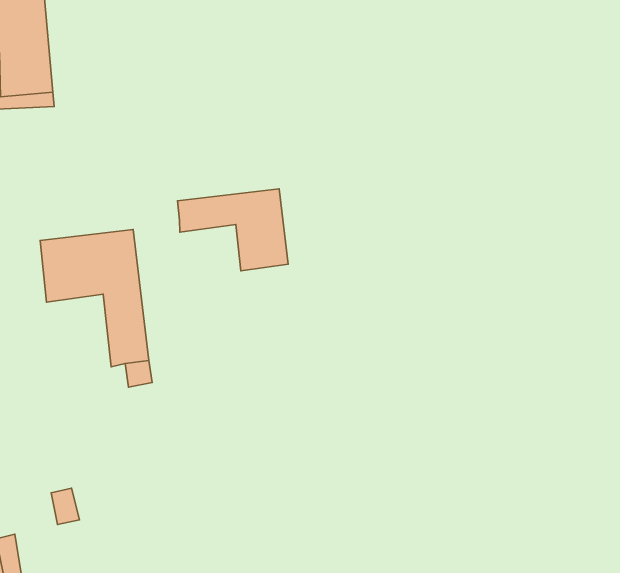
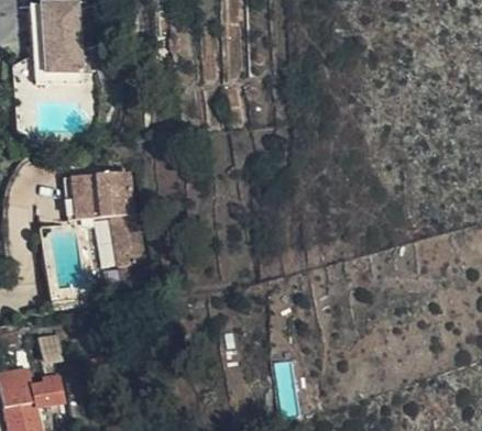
building: [177,189,288,271] -> none

